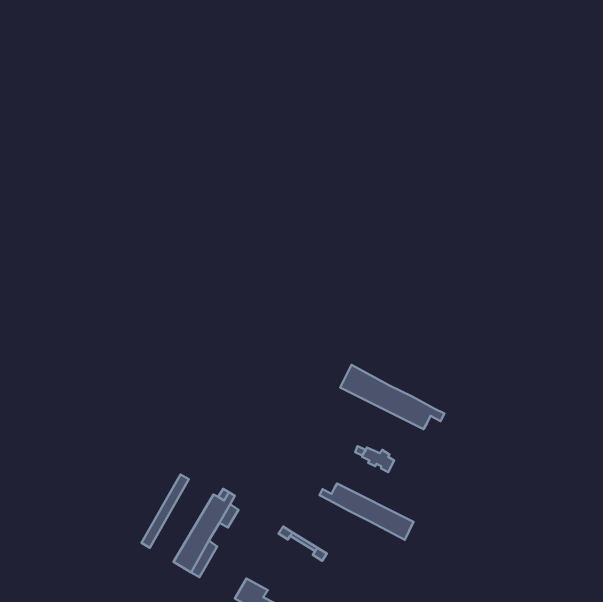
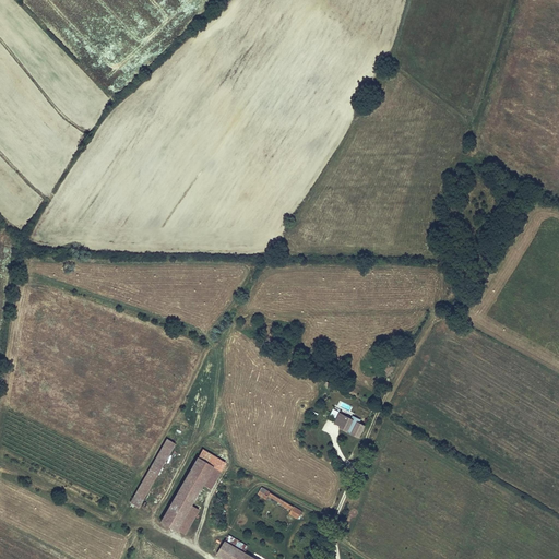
building: [340,365,444,429] -> none
building: [319,484,414,540] -> none

